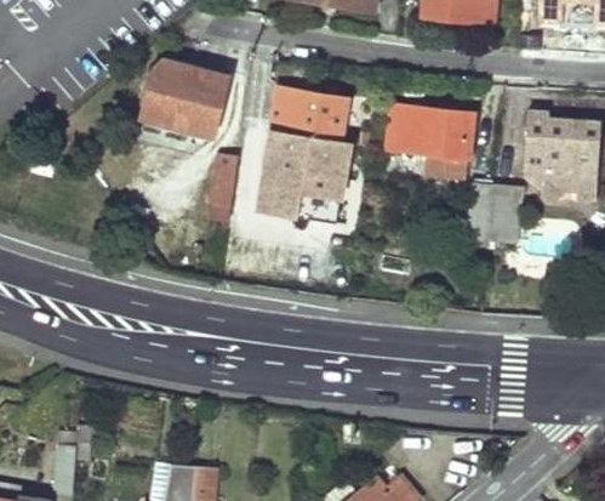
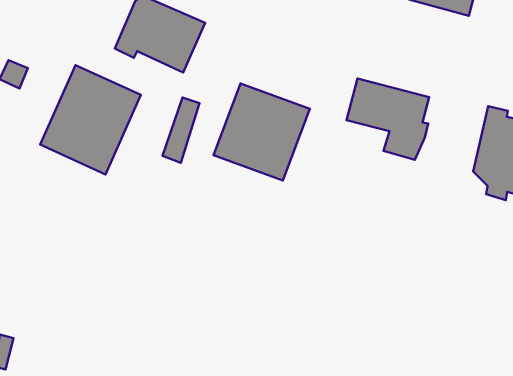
building: [275,89,342,141] -> none
building: none -> [40,65,141,175]
building: [467,182,524,244] -> none

